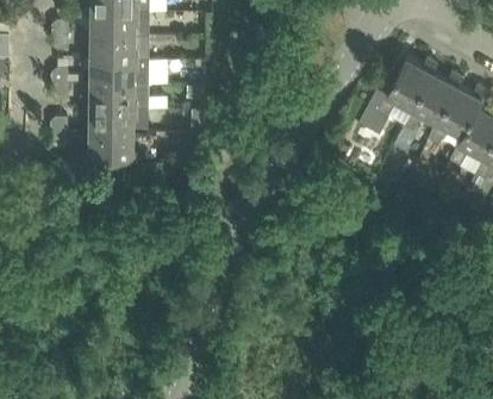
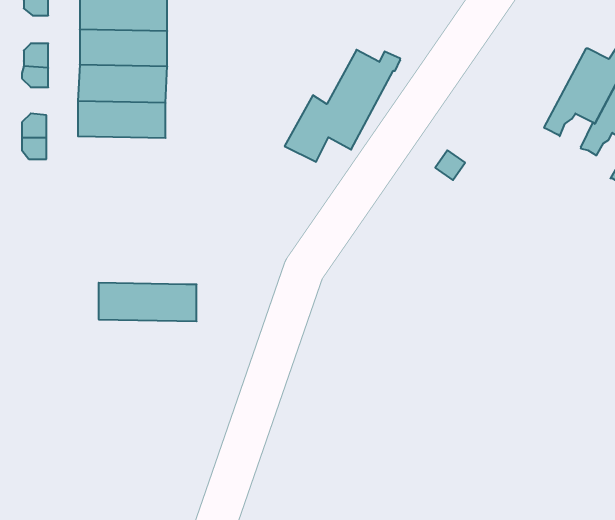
building: [358,60,437,136] -> [285,50,400,162]
building: [87,133,154,160] -> [99,283,197,321]

